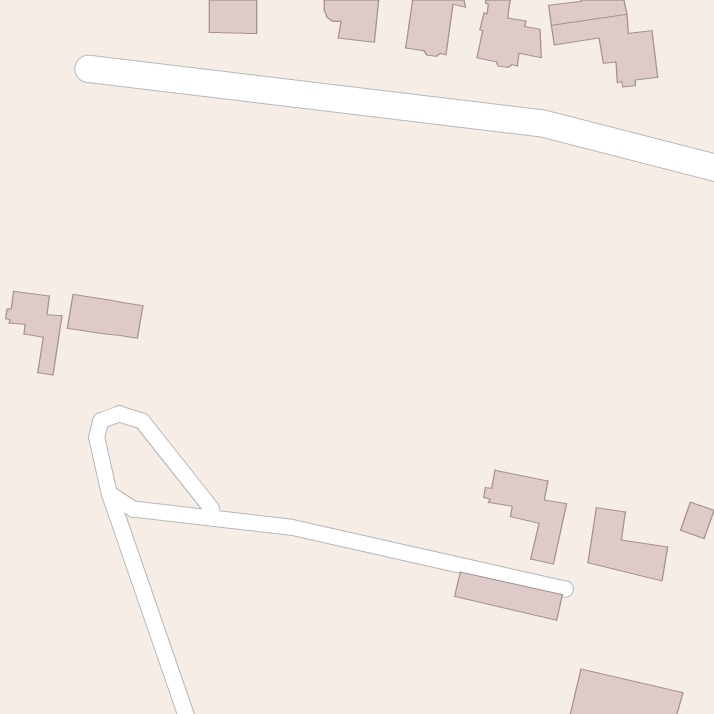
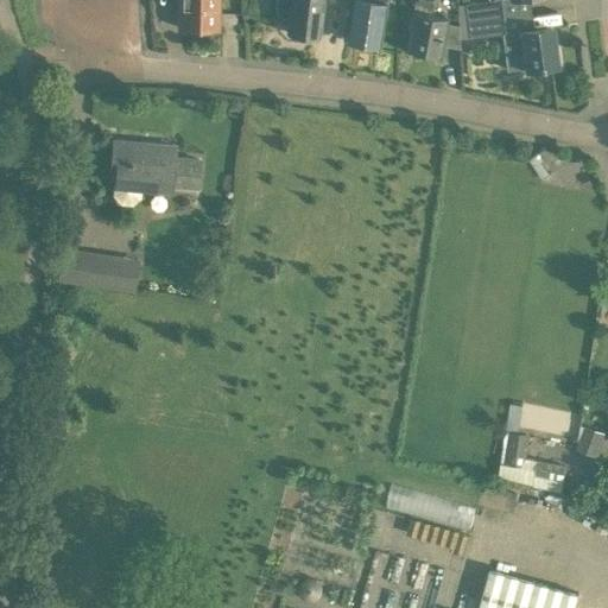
building: none -> [109,142,202,205]
building: [6,291,62,375] -> none
building: [484,470,566,564] -> none

